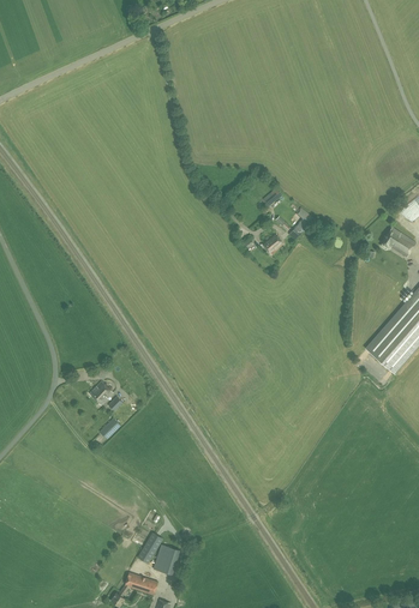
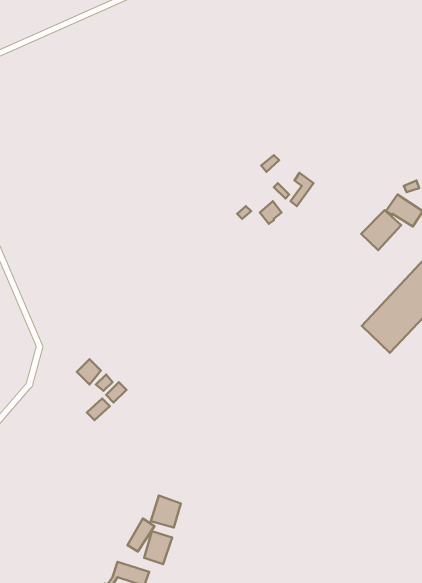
building: none -> [361,210,401,250]
building: none -> [151,496,181,528]

